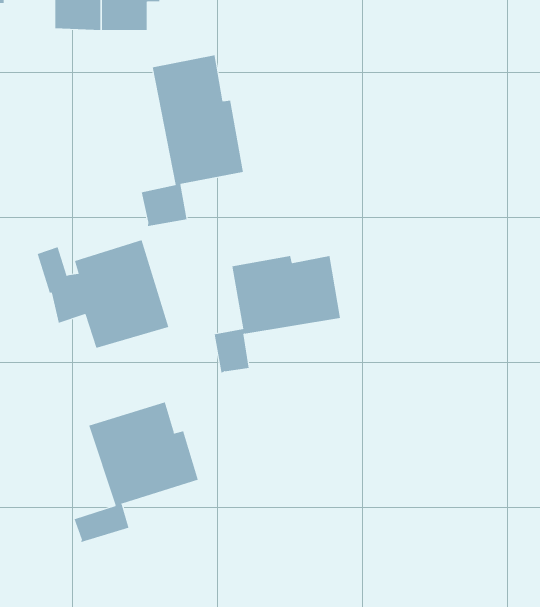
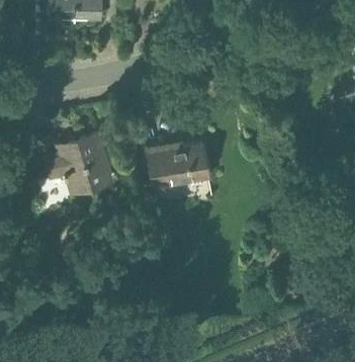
building: [141,55,244,227] -> none
building: [74,401,199,543] -> none

